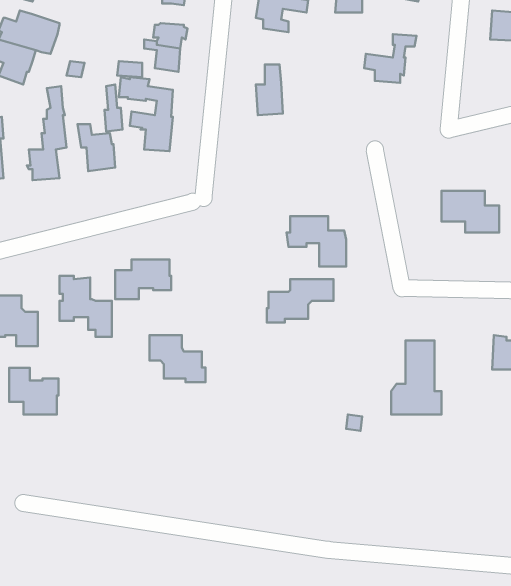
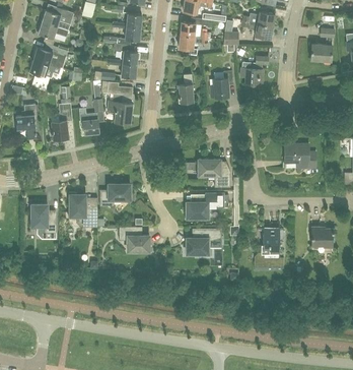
building: none -> [210,71,233,98]
building: none -> [186,229,220,255]
building: [9,368,59,415] -> none

